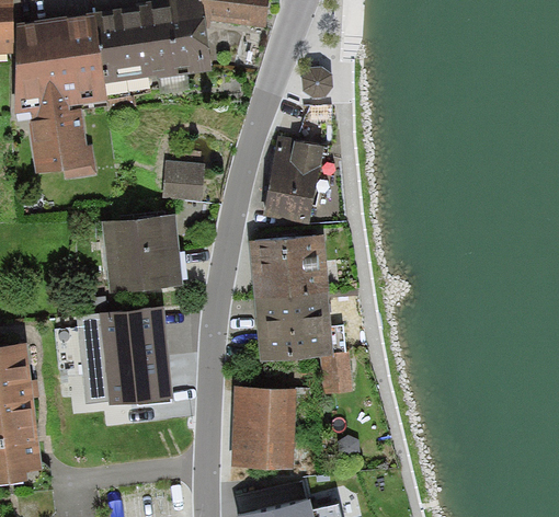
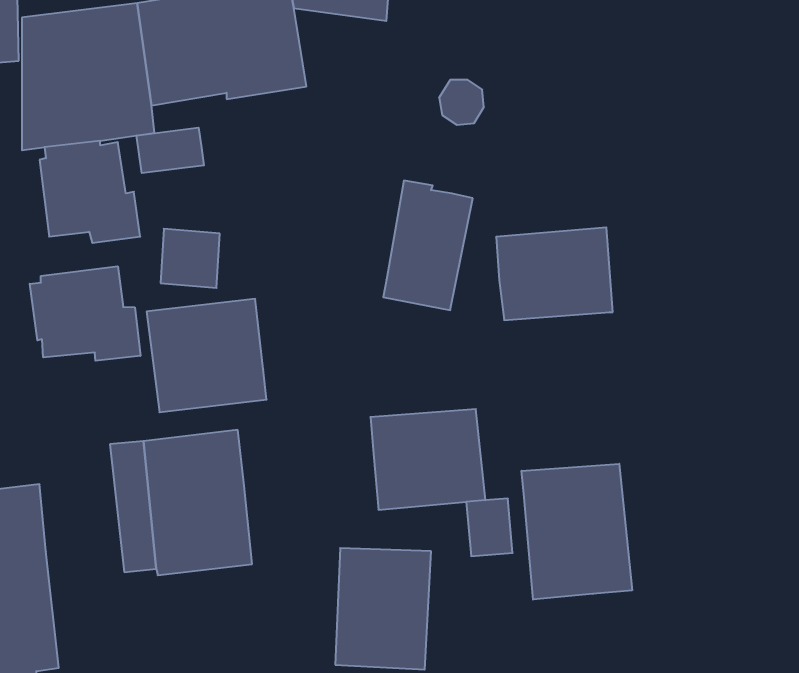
building: none -> [136,128,204,173]
building: [163,159,204,199] -> [161,229,220,288]
building: none -> [30,266,140,361]
building: [249,233,329,297] -> [496,227,613,320]
building: none -> [522,464,632,600]

